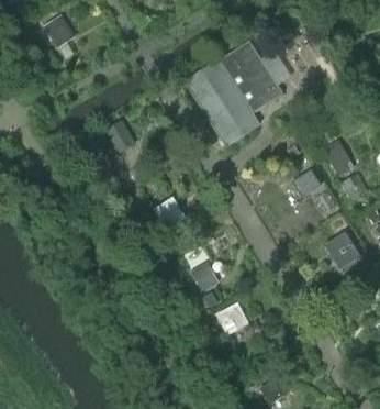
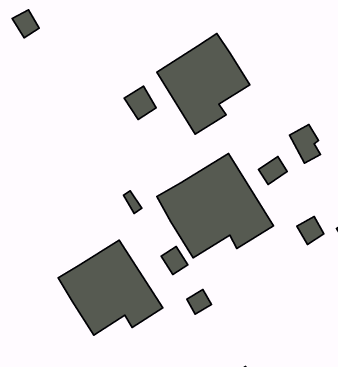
building: [104,122,137,156] -> [124,86,156,119]
building: none -> [157,154,273,258]
building: none -> [58,240,163,335]

